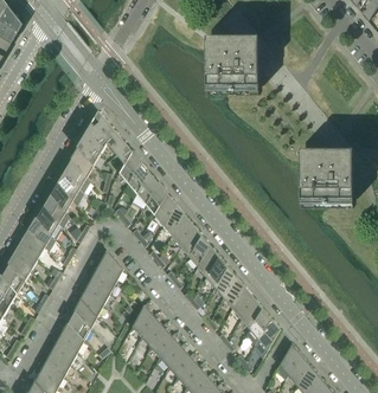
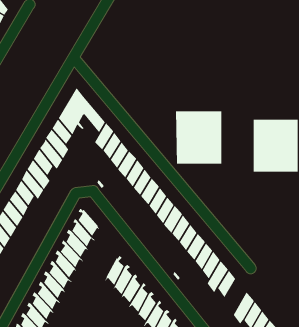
building: [205,33,258,94] -> [175,111,222,164]

